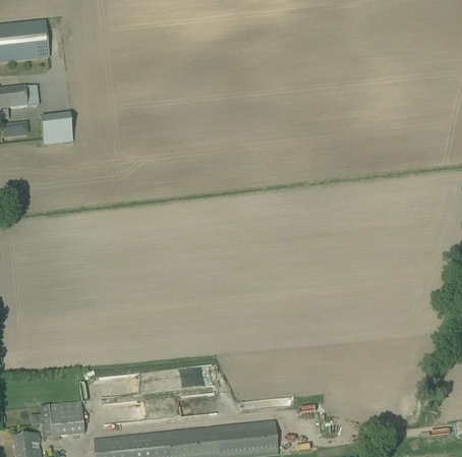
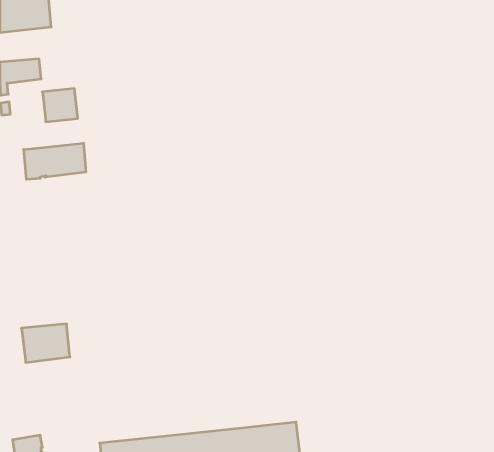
building: none -> [24,143,86,179]
building: [40,401,84,437] -> [21,324,70,362]

